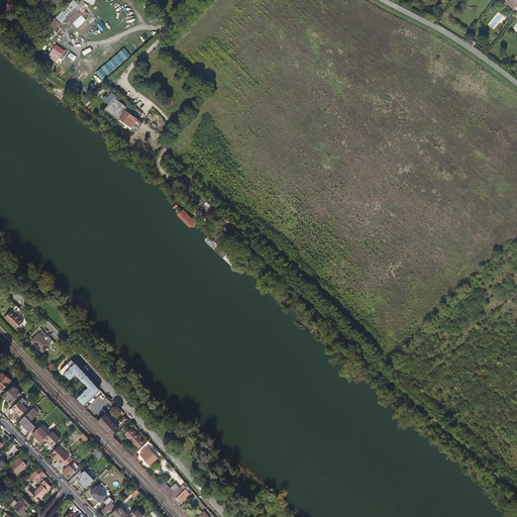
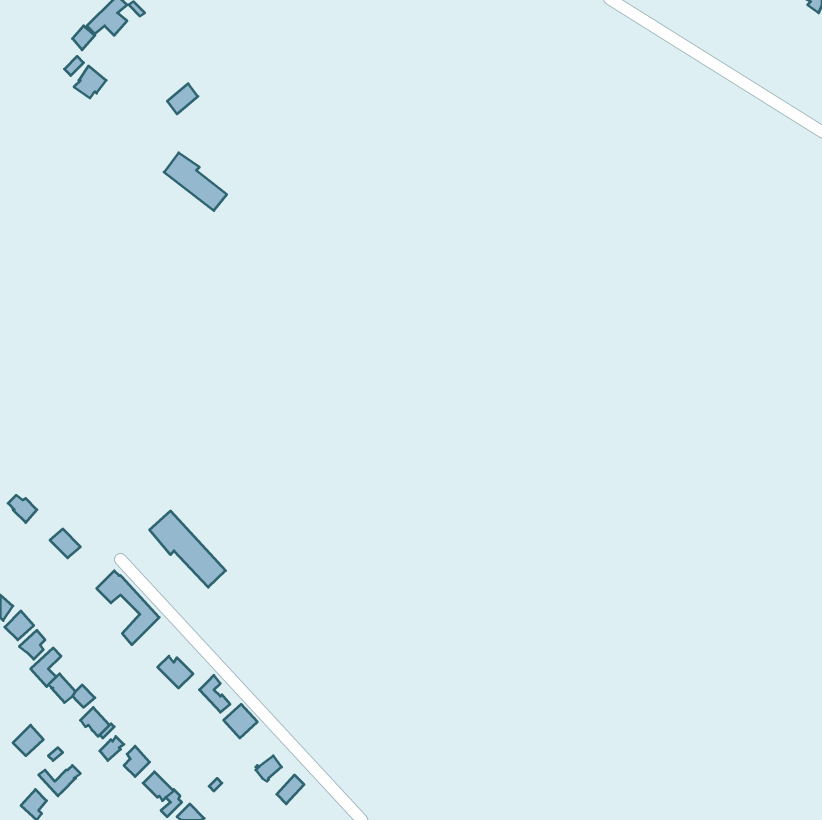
building: none -> [150,511,226,587]

